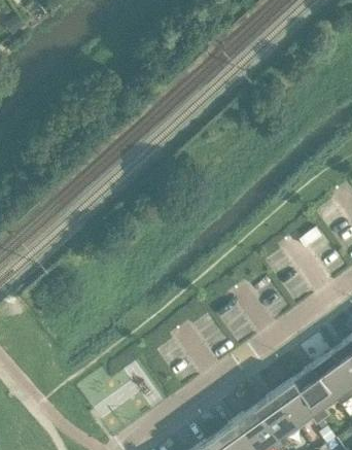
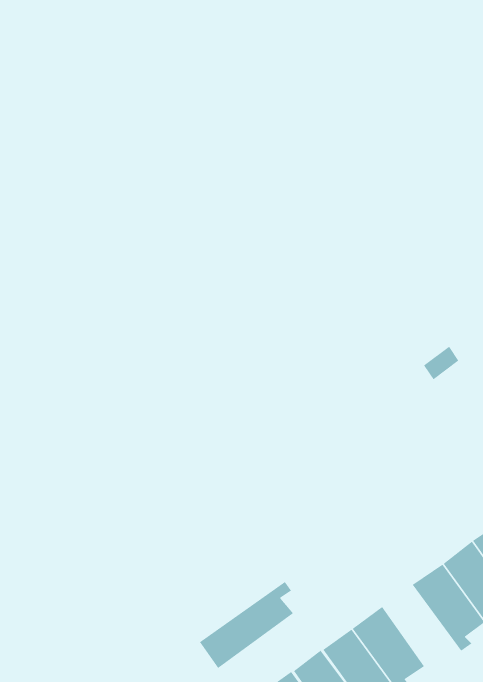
building: none -> [199,581,294,669]
building: [273,376,322,427] -> none

